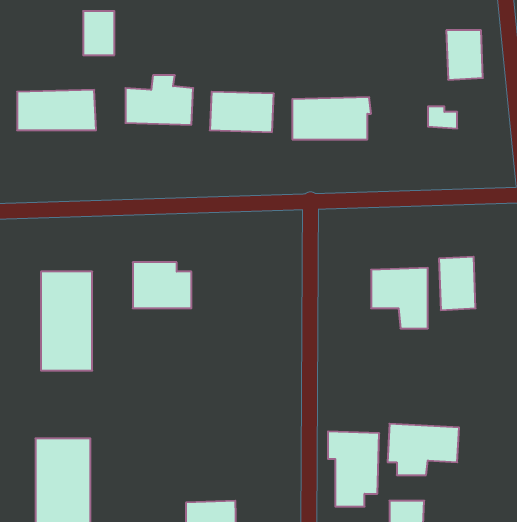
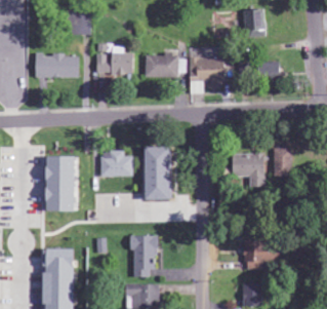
building: [446,30,483,80] -> [244,9,264,37]
building: none -> [147,146,173,199]
building: [328,431,379,507] -> [128,234,157,276]

